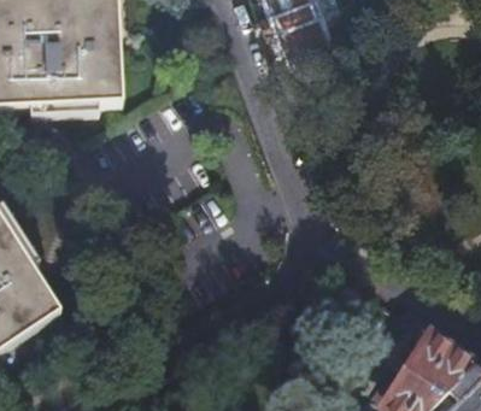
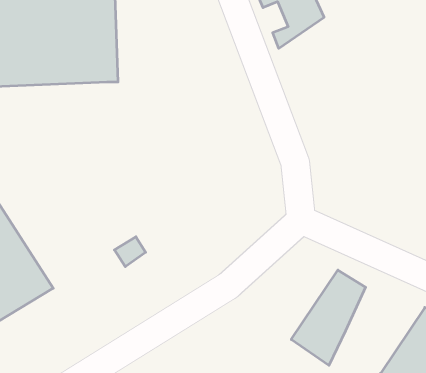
building: none -> [291,270,366,365]

